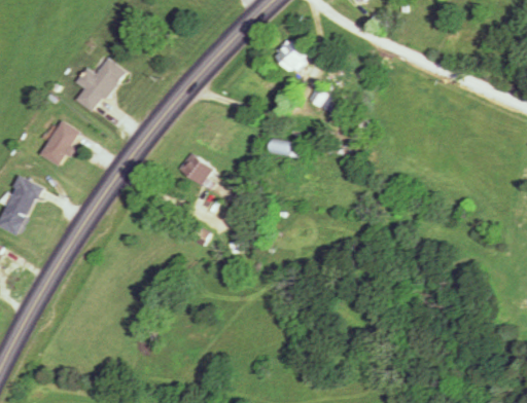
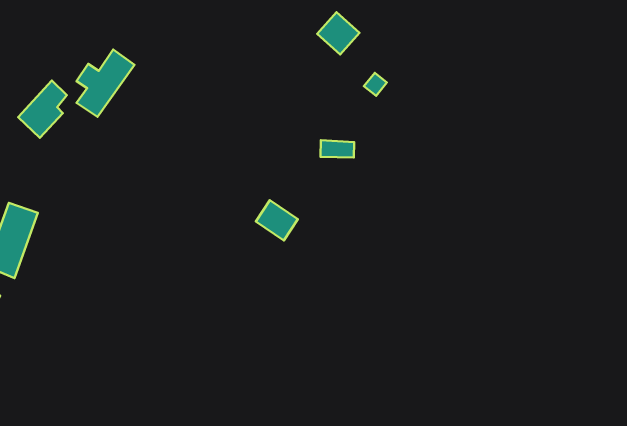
building: [38,121,78,167] -> [18,81,67,138]
building: [178,152,212,185] -> [256,200,298,241]

